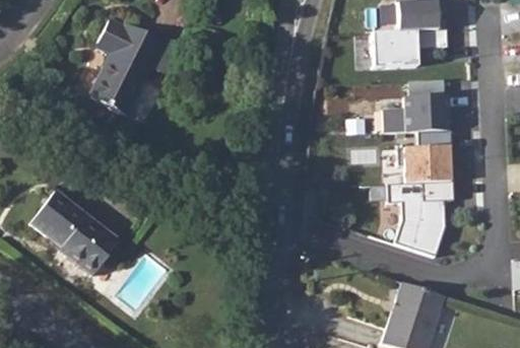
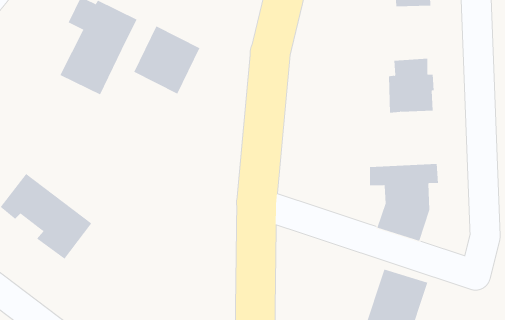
building: [385,28,446,66] -> none
building: none -> [134,26,200,94]
building: [396,130,451,183] -> none

